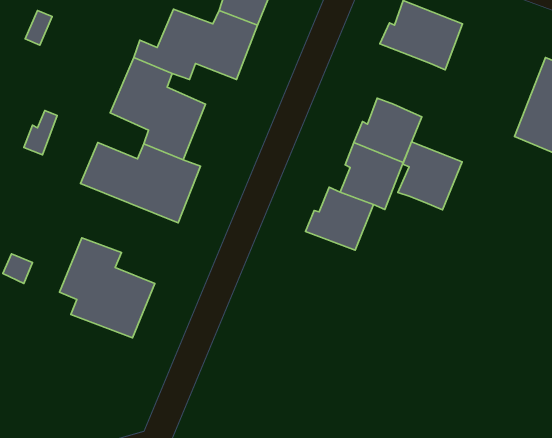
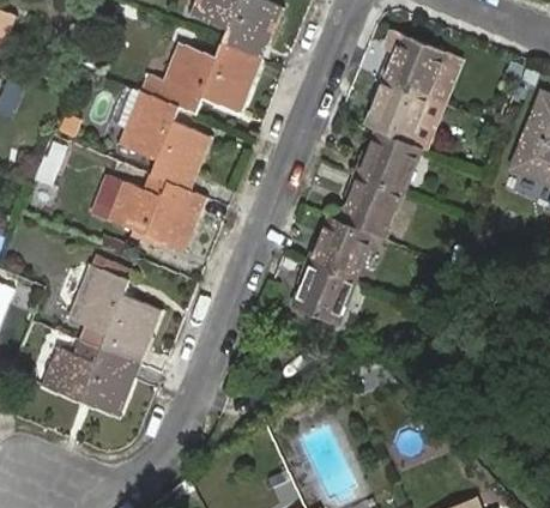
building: [398,142,462,210] -> [367,77,429,143]
building: none -> [295,259,356,325]
building: none -> [43,339,140,416]

